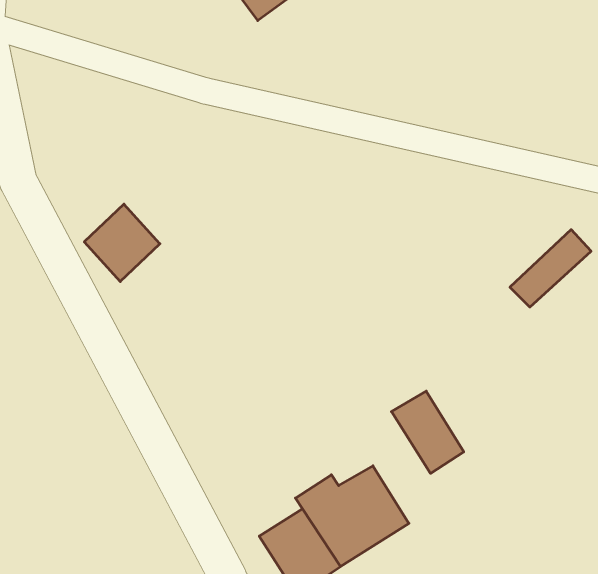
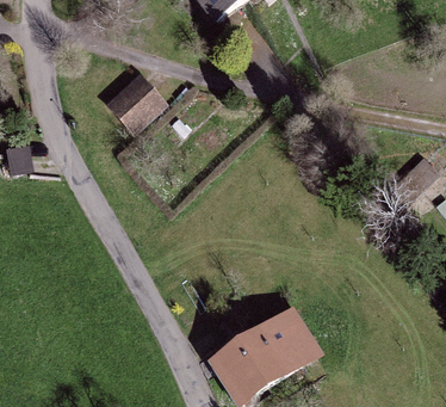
building: [84,204,160,282] -> [111,76,161,128]
building: [391,391,464,473] -> none

